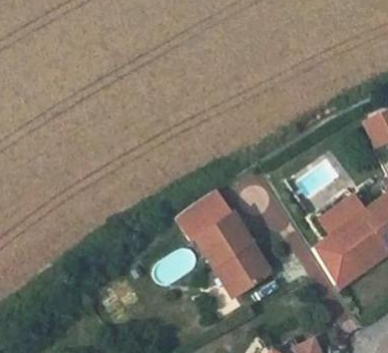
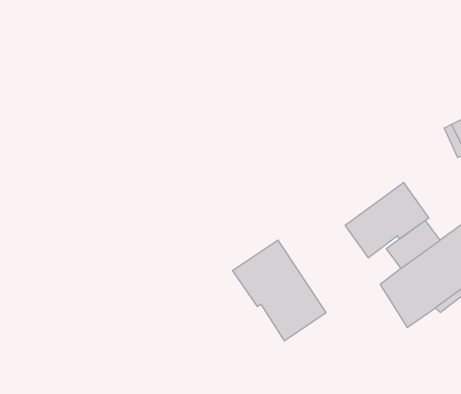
building: none -> [345,182,429,258]
building: [178,192,231,239] -> none

